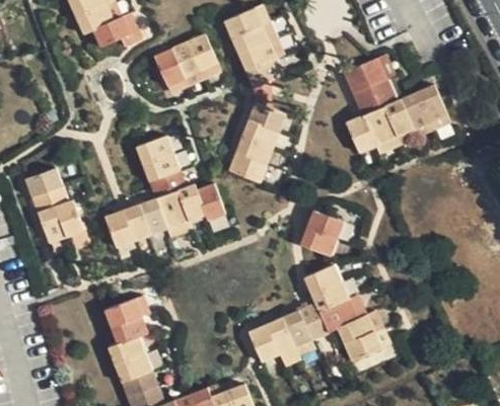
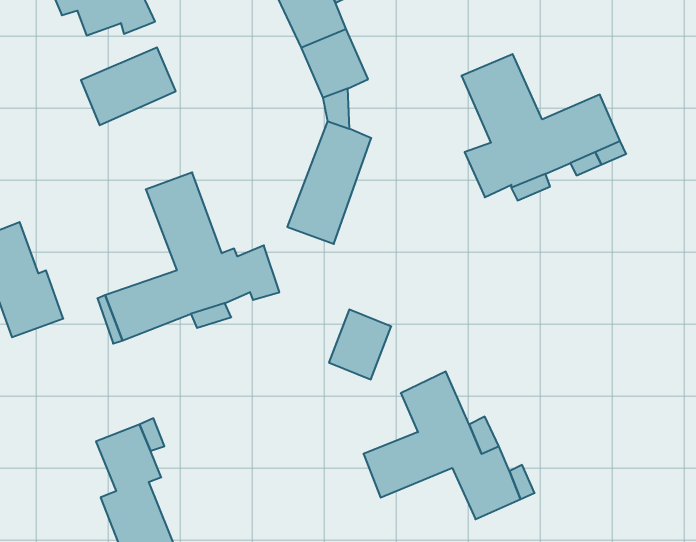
building: [154,34,216,85] -> [81,47,176,125]
building: [300,211,341,256] -> [329,309,391,379]
building: [248,319,290,360] -> none

